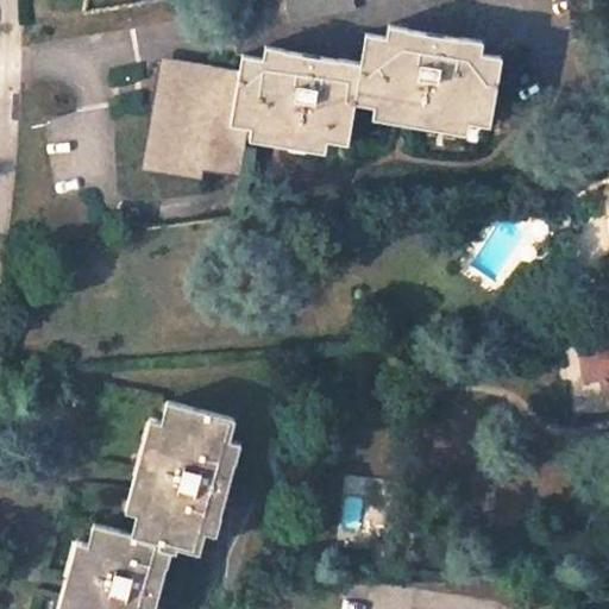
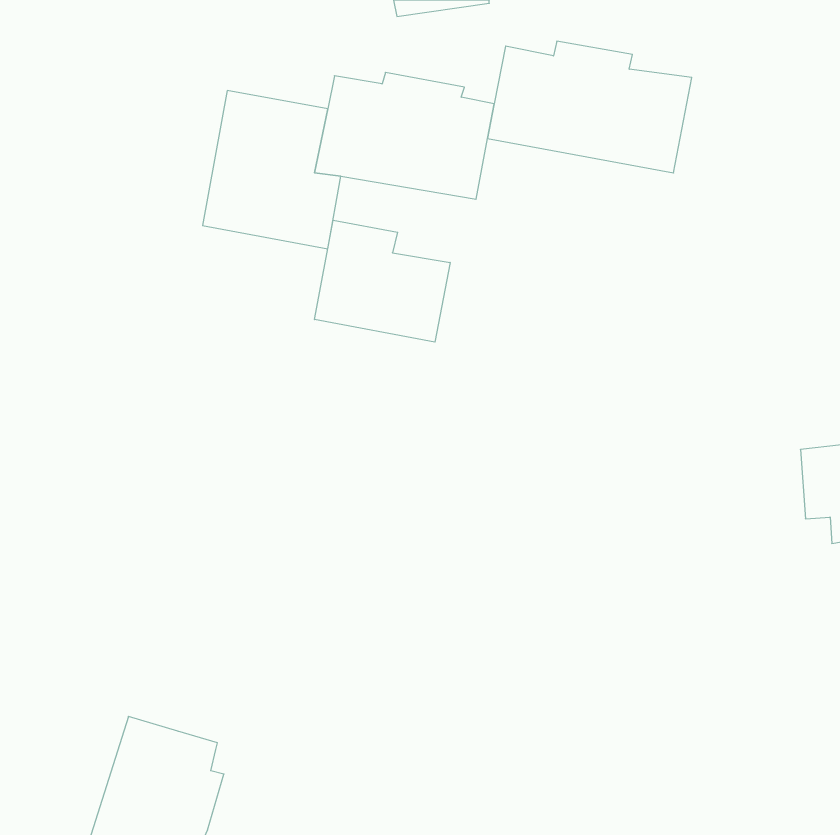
building: none -> [315,220,450,342]
building: [130,403,234,553] -> none

